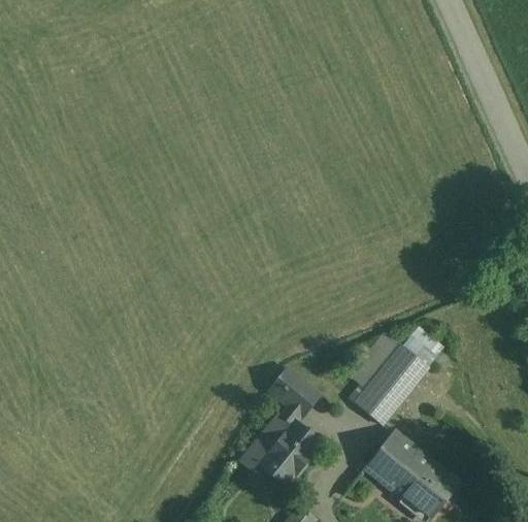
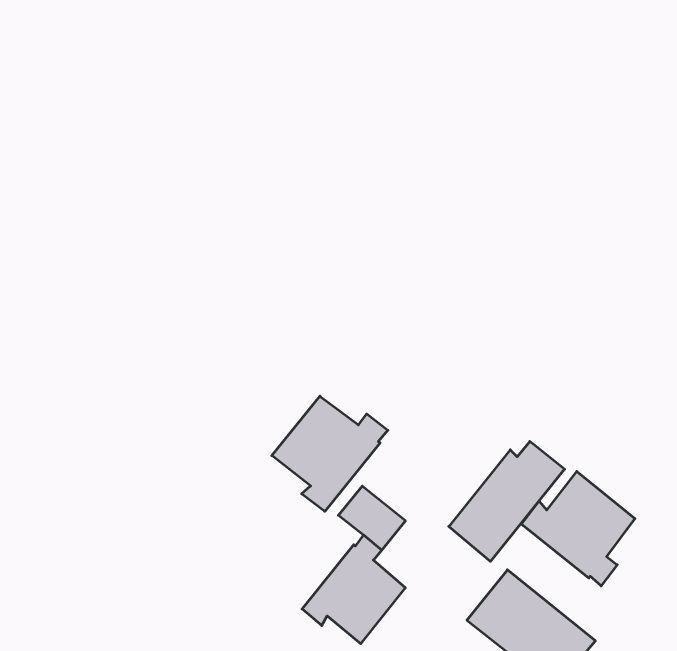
building: none -> [272,396,388,511]
building: none -> [522,471,635,586]

